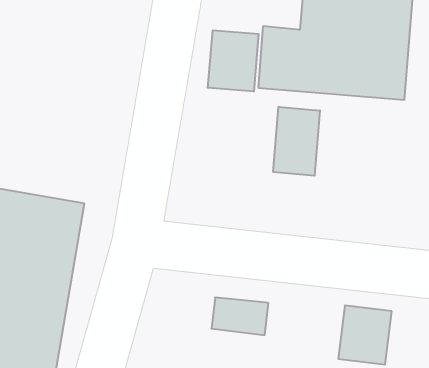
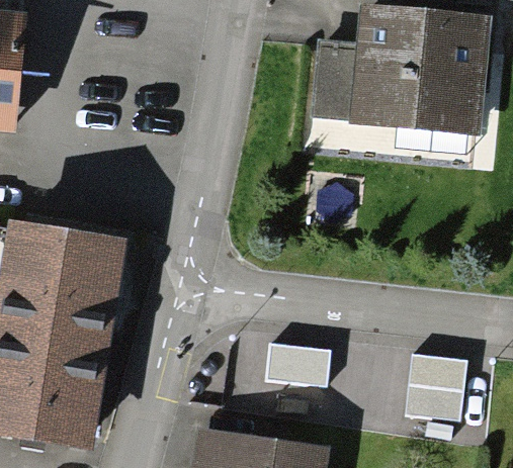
building: [208,30,259,92] -> none
building: [273,107,320,176] -> none

